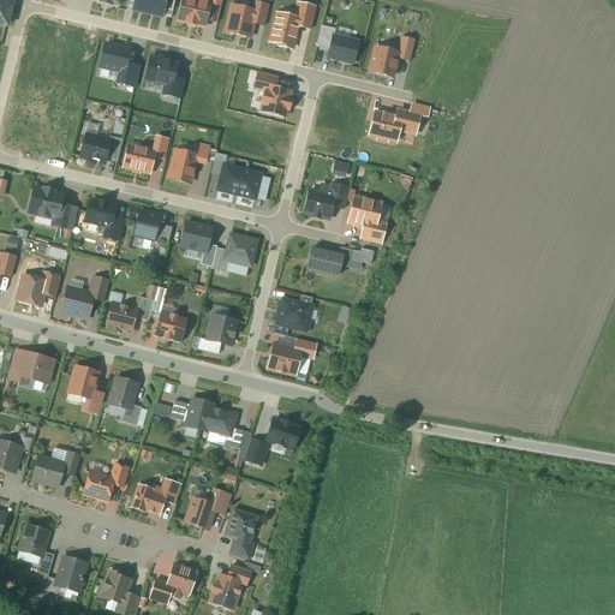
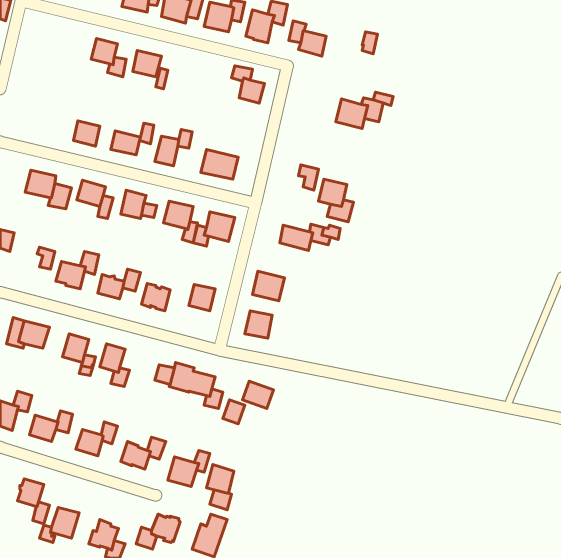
building: [369,44,398,74] -> none
building: [303,189,334,216] -> none
building: [17,274,47,304] -> none

